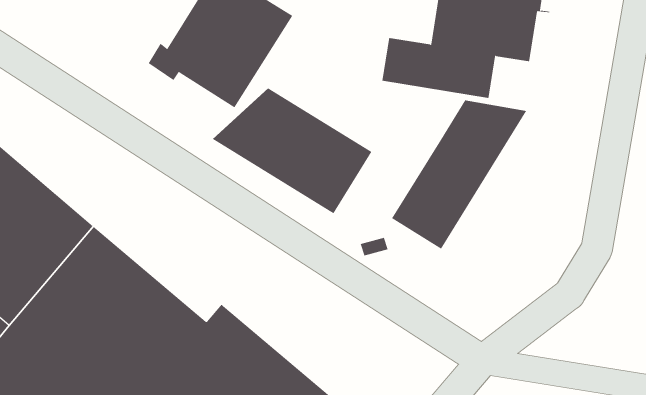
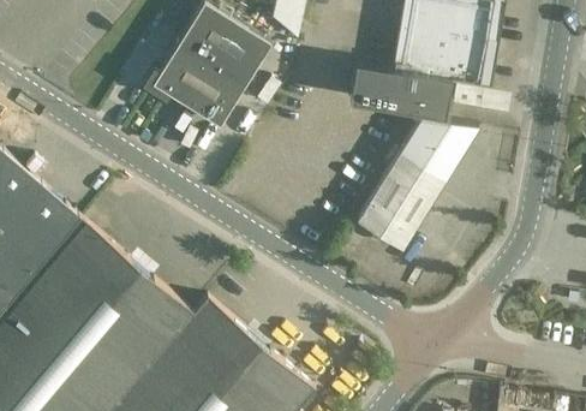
building: [212,88,372,214] -> none

